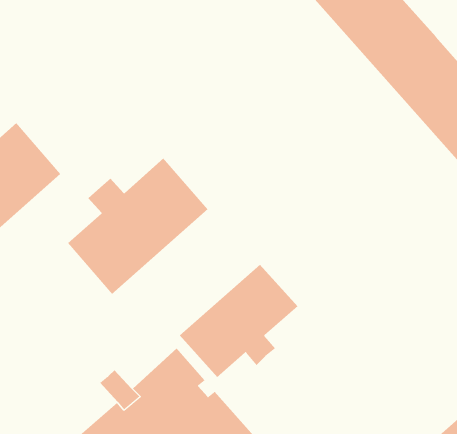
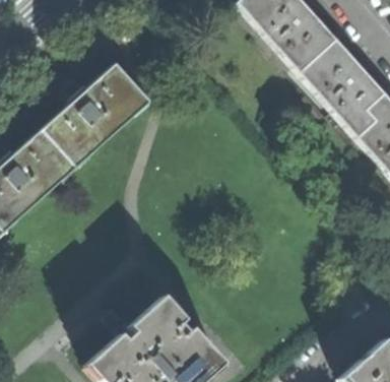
building: [67,157,209,295] -> [44,62,149,165]
building: [179,264,298,378] -> none

